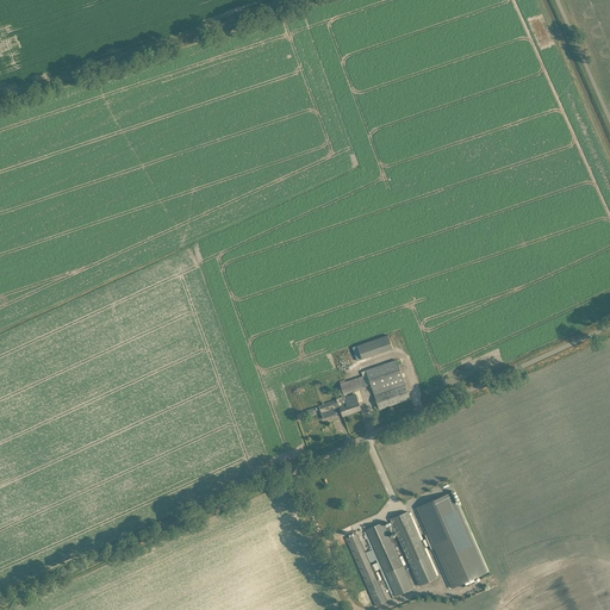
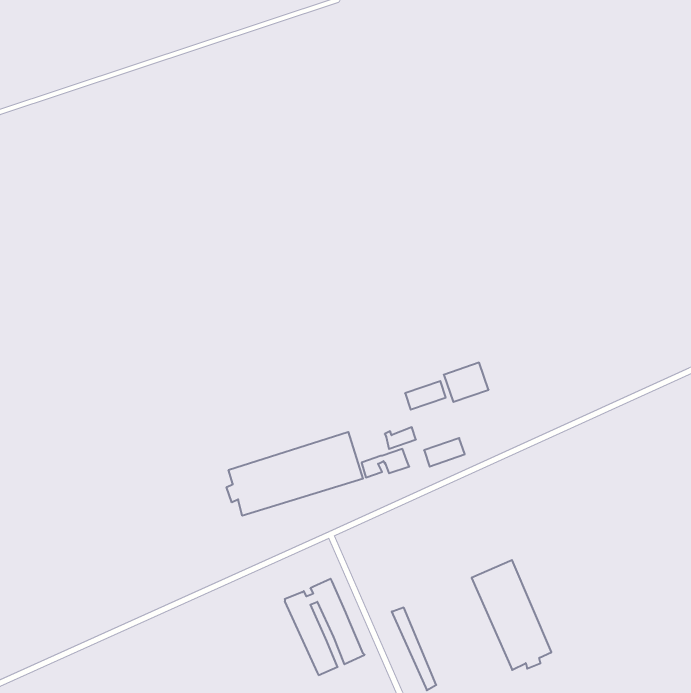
building: [365,360,404,394] -> [444,363,489,402]
building: none -> [227,432,363,516]
building: [366,511,436,596] -> [285,579,365,675]

